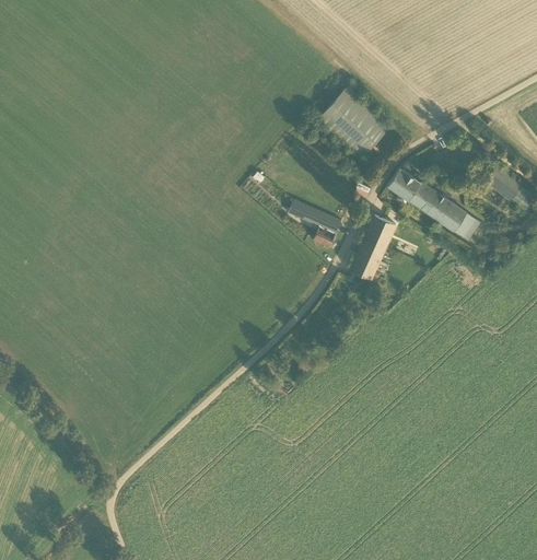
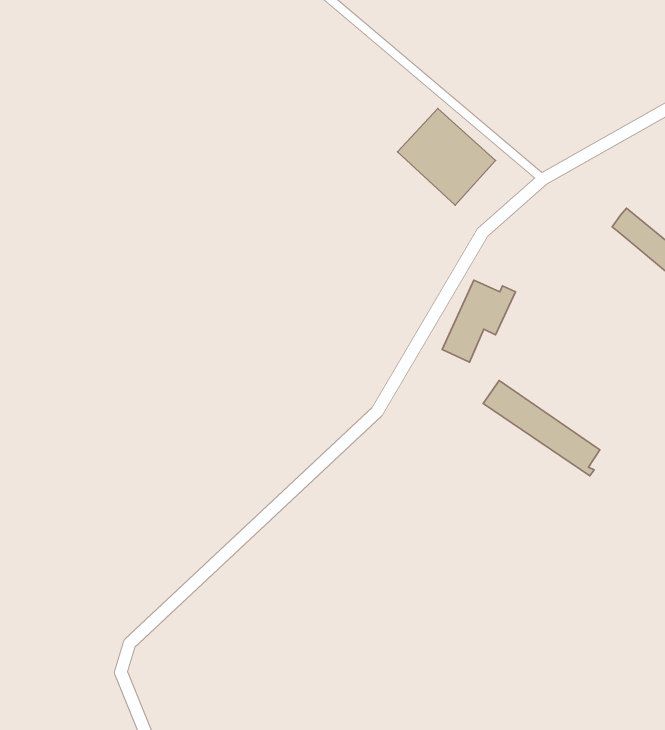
building: [386,167,475,240] -> [483,381,600,476]
building: [287,200,340,247] -> none

